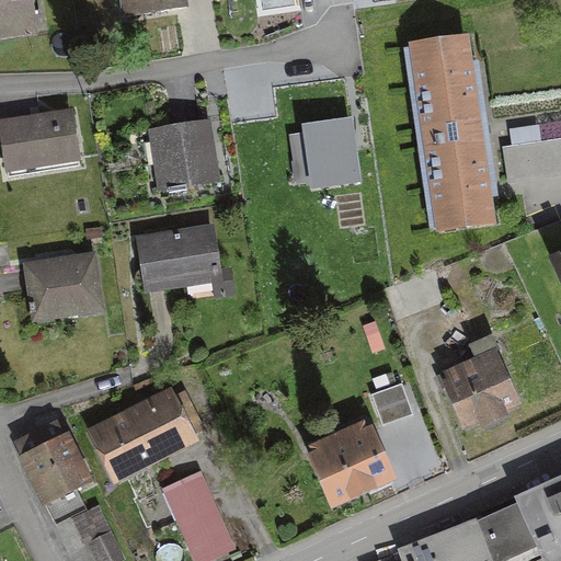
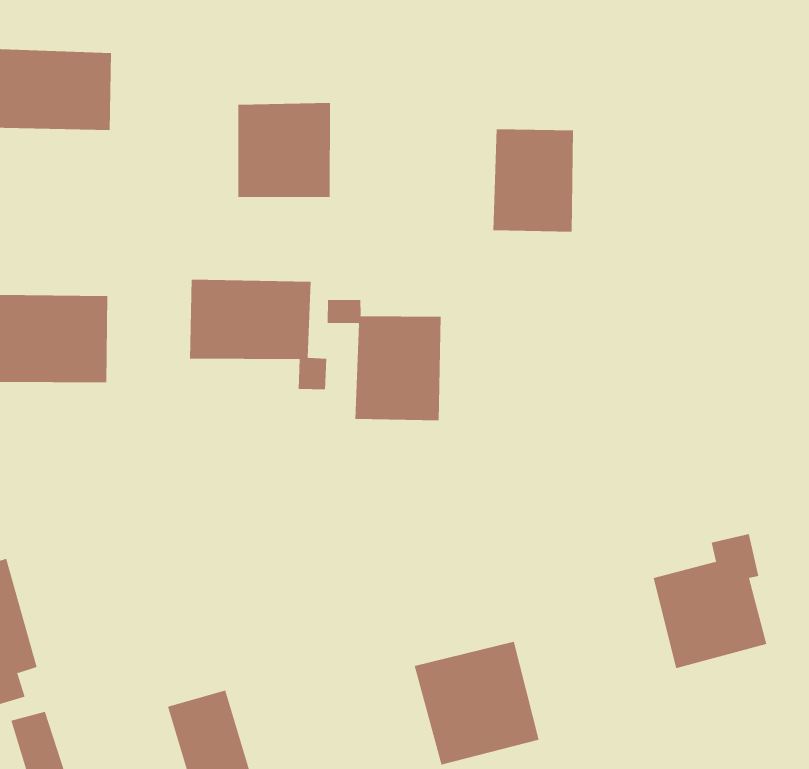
building: [411,42,492,230] -> none
building: none -> [327,299,441,421]
building: [371,385,412,424] -> none
building: [91,392,201,476] -> none

